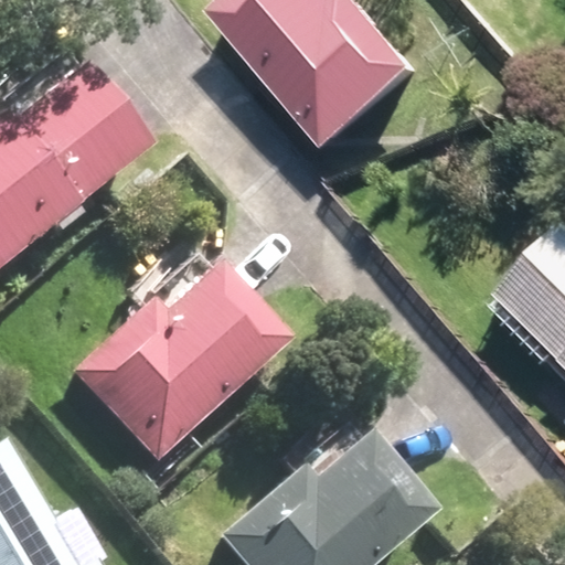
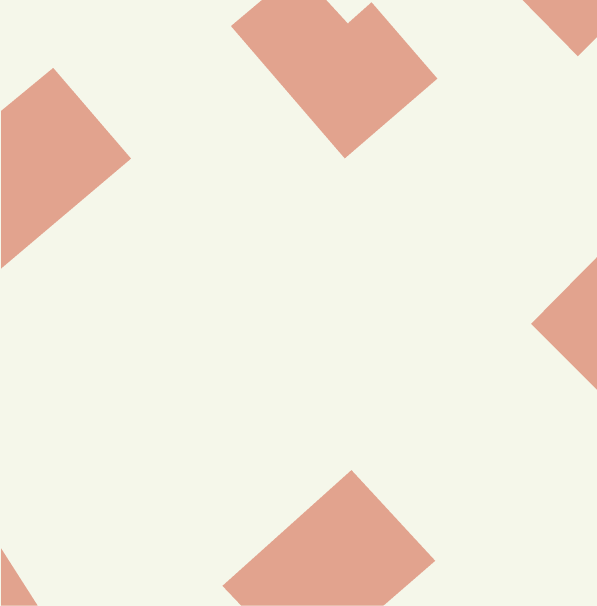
building: [77,265,274,460] -> none

